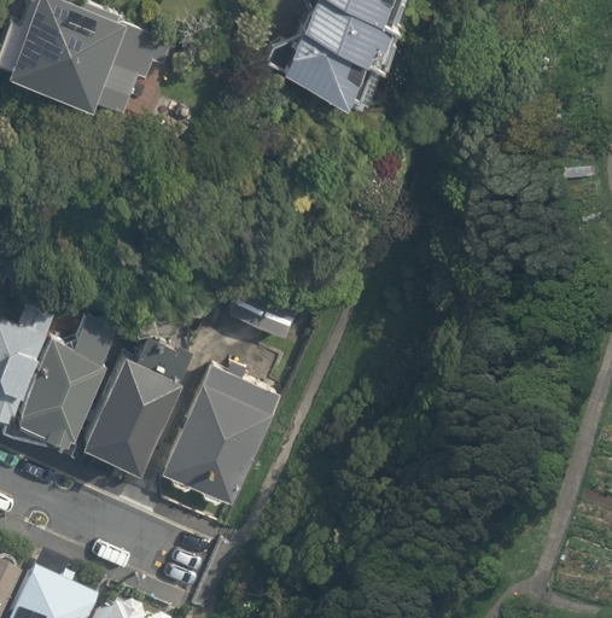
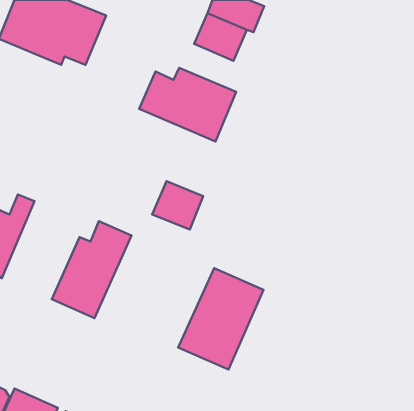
building: none -> [139,68,236,141]
building: [14,321,113,442] -> none
building: [156,369,279,515] -> [178,268,264,369]

